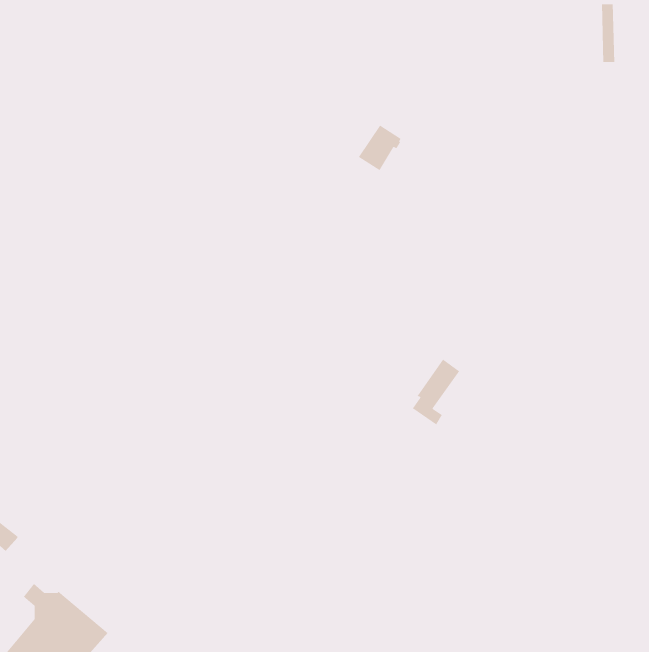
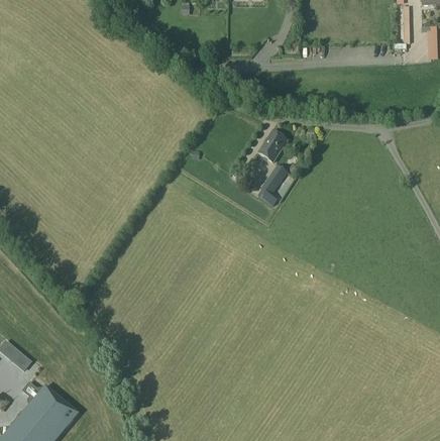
building: [358,124,402,171] -> [258,131,287,161]
building: [412,359,460,426] -> [256,163,288,207]

